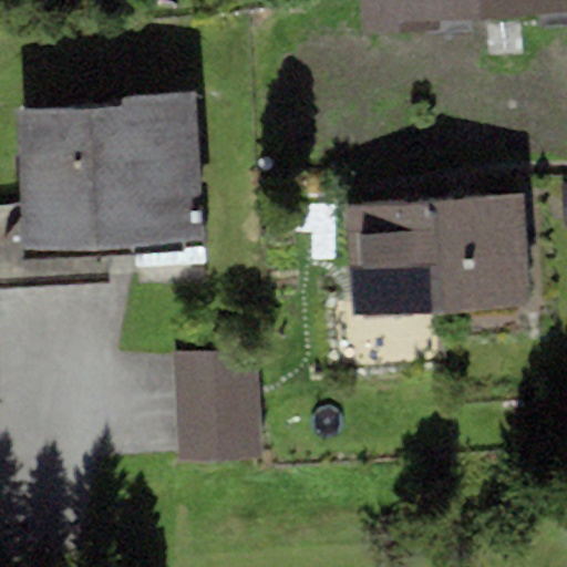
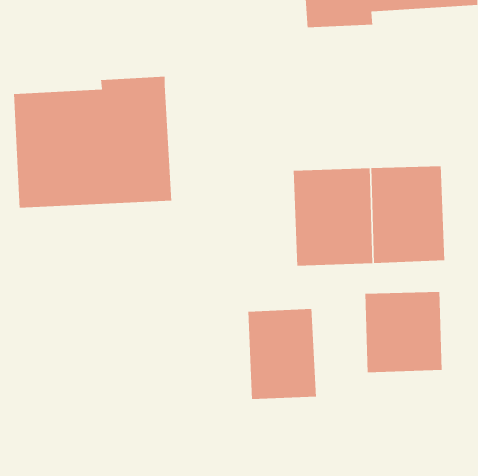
building: none -> [364,291,442,373]
building: [181,350,262,458] -> [247,308,317,400]

